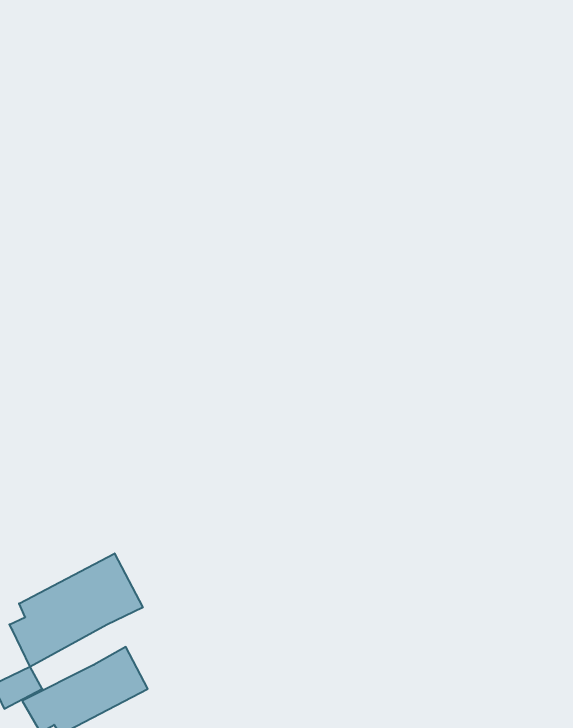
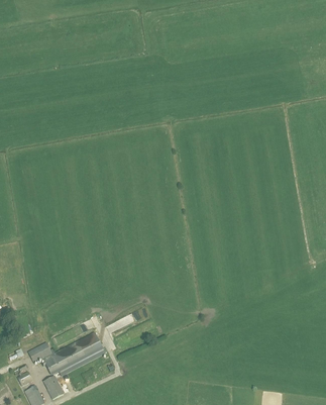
building: [9,553,143,667] -> none

